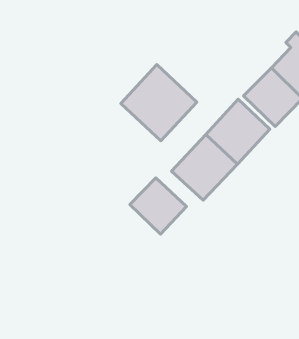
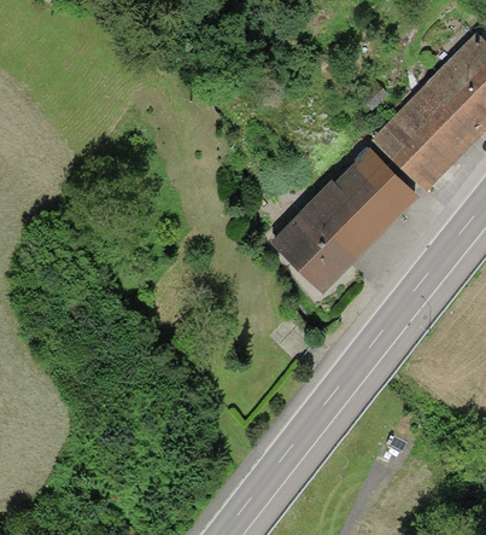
building: [121,65,197,141] -> none
building: [130,178,186,234] -> none

